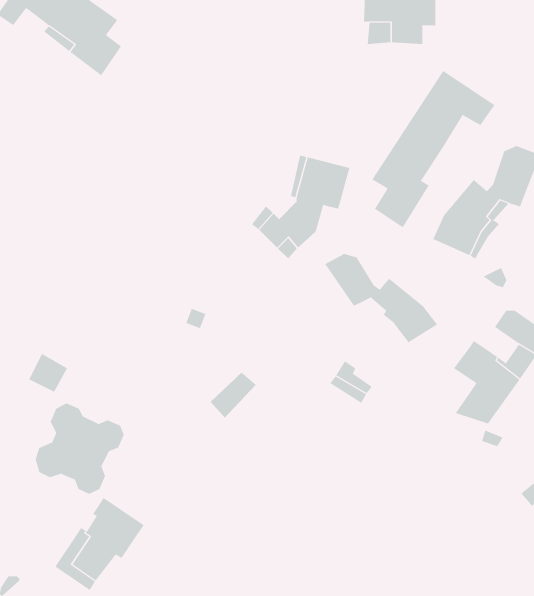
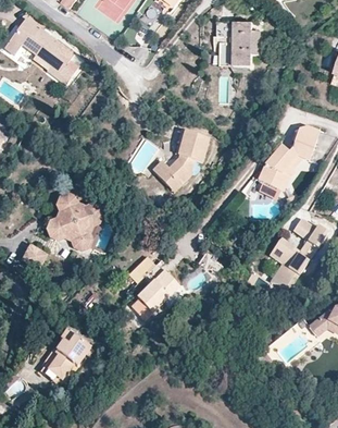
building: [371,70,495,228] -> none
building: [325,253,438,343] -> none
building: none -> [132,272,179,317]
building: [35,403,125,495] -> [49,195,101,248]

